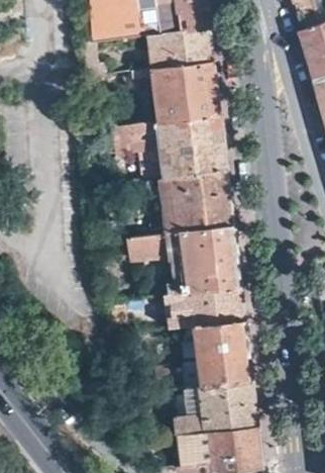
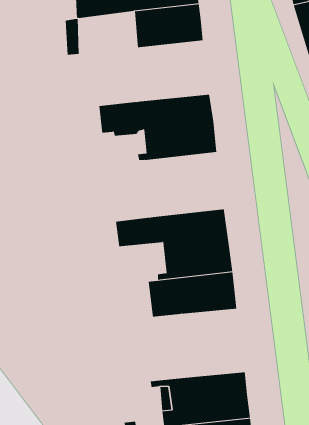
building: [144,65,220,123] -> none
building: [157,172,234,234] -> none
building: [193,322,254,388] -> none

